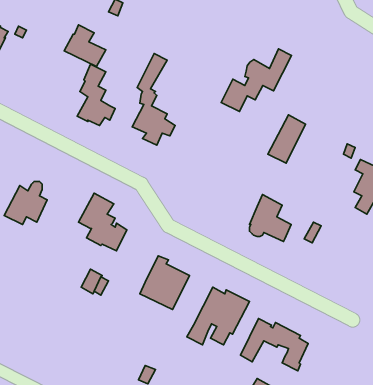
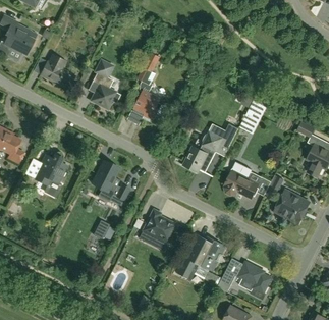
building: [64,25,106,67] -> [41,54,73,87]
building: [221,49,292,112] -> [183,122,238,171]
building: none -> [274,189,310,223]

